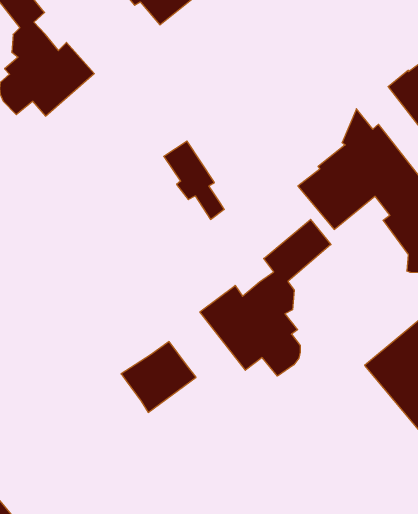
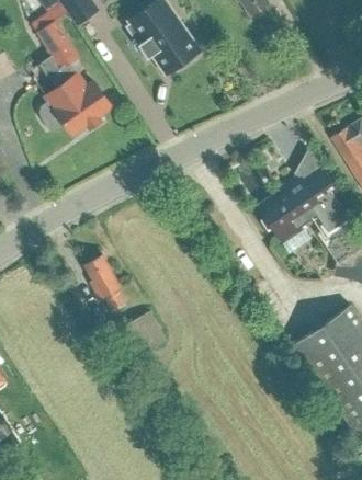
building: [164,141,224,219] -> [84,255,126,316]
building: [200,219,331,376] -> none

